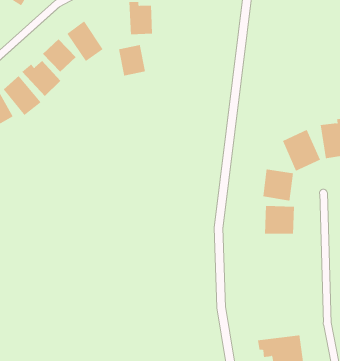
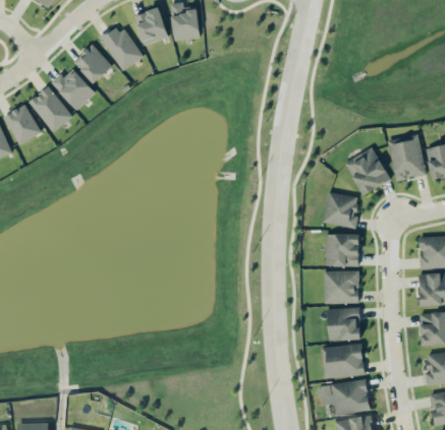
building: [118,45,146,76] -> [135,9,167,45]
building: none -> [324,270,358,304]
building: none -> [327,308,360,342]
building: none -> [322,345,364,378]

